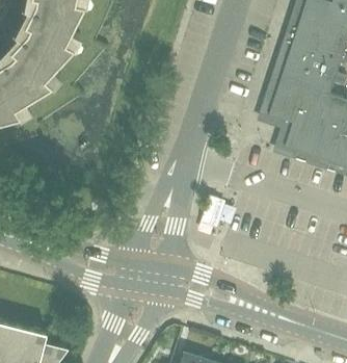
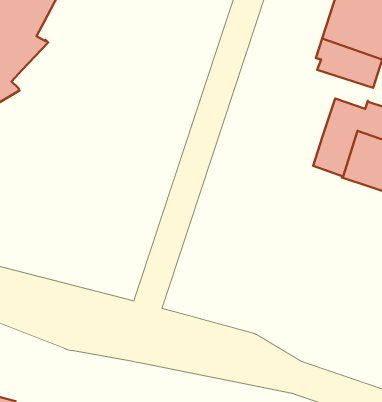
building: [268,69,332,123] -> none

